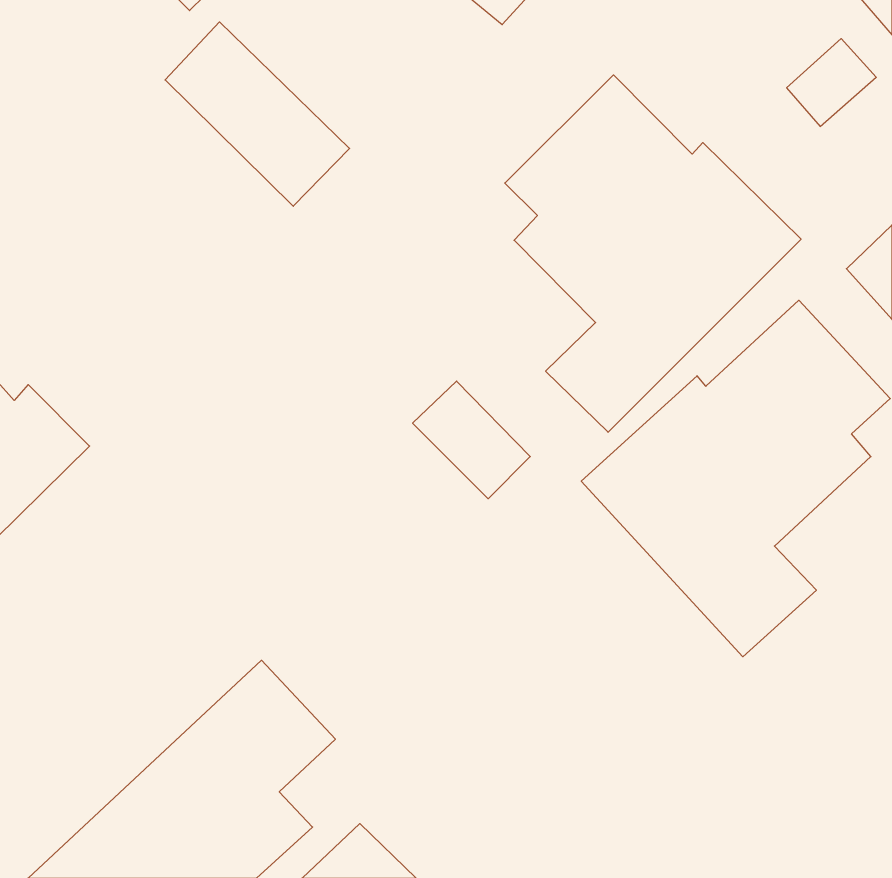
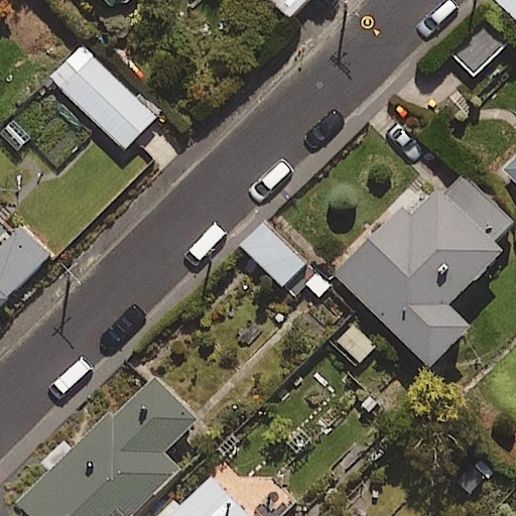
building: [165,22,350,206] -> [48,41,154,147]
building: [505,75,801,432] -> none

